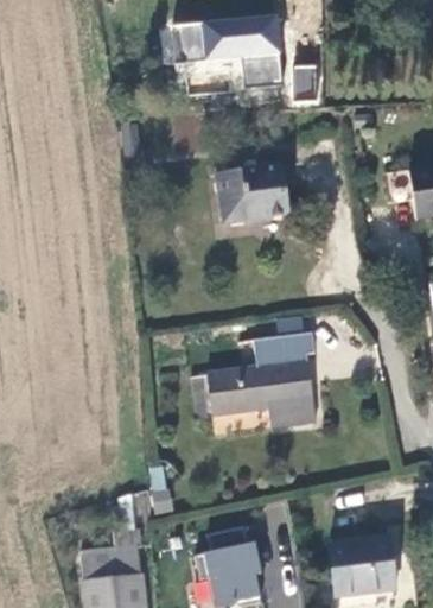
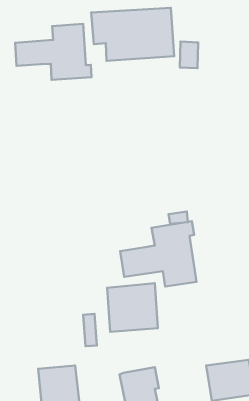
building: none -> [15,24,91,80]
building: [216,164,286,226] -> none
building: none -> [107,283,158,332]

